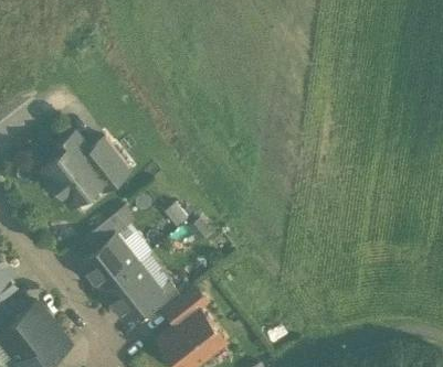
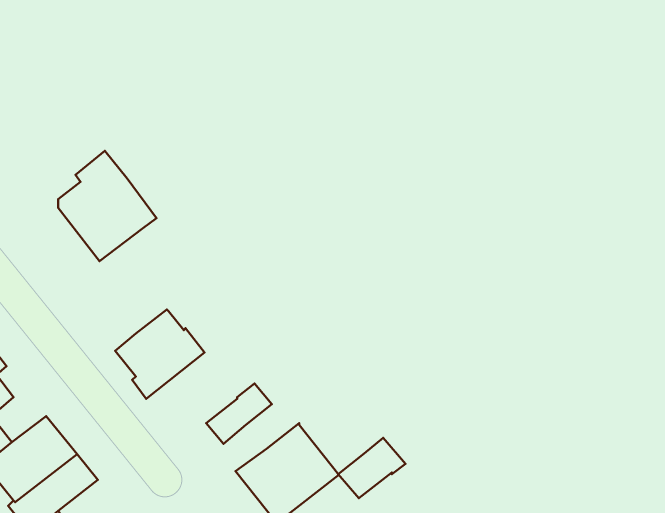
building: [89,139,130,191] -> none
building: [85,214,127,251] -> none
building: [102,263,160,320] -> none
building: [166,287,209,325] -> [338,438,405,498]

